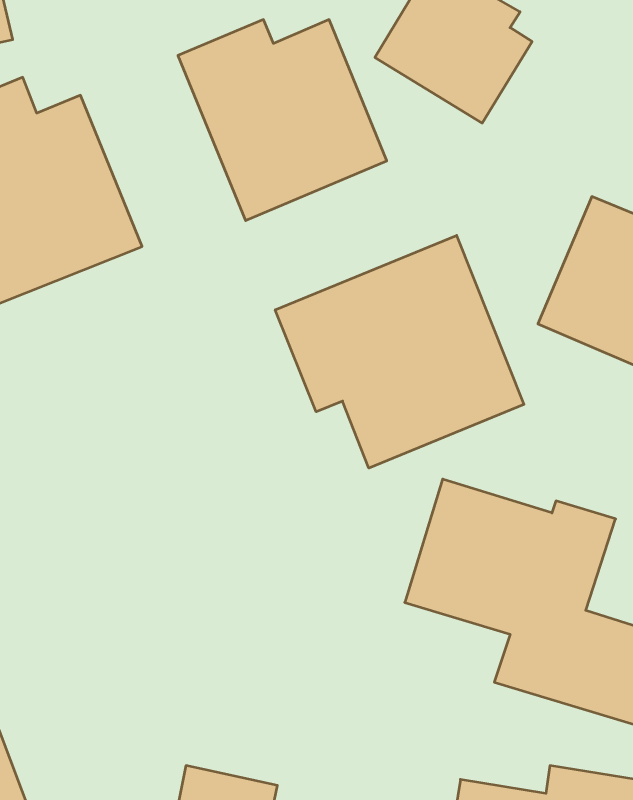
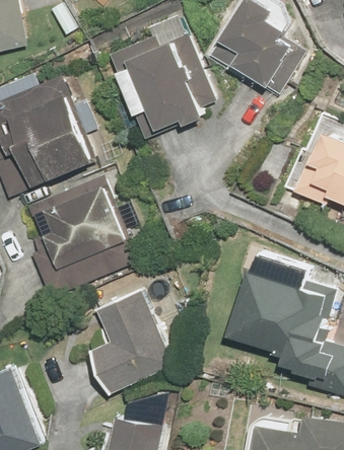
building: [275,235,524,468] -> none
building: none -> [24,166,146,295]
building: none -> [89,289,173,393]

